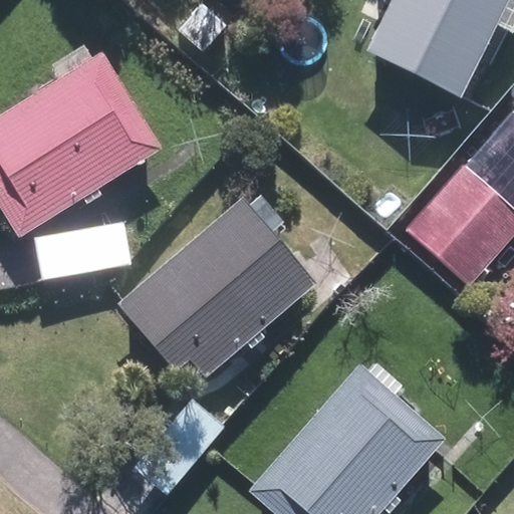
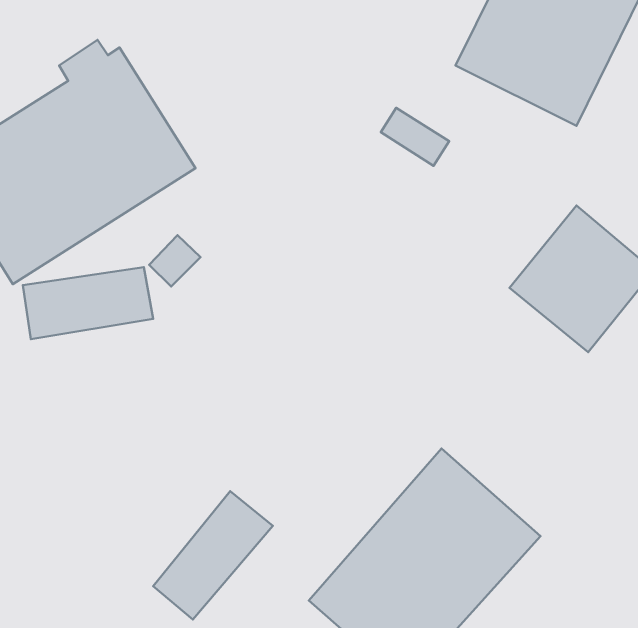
building: [119,195,315,373] -> none

